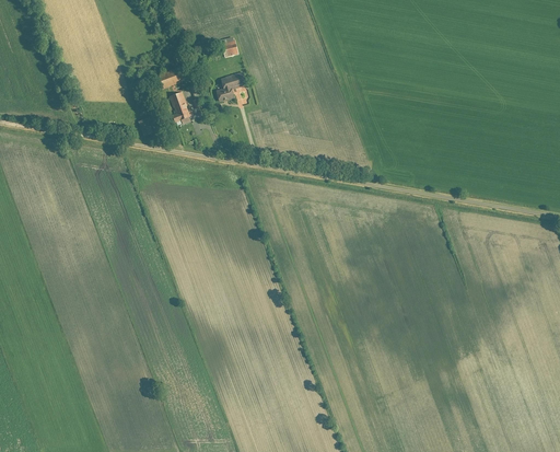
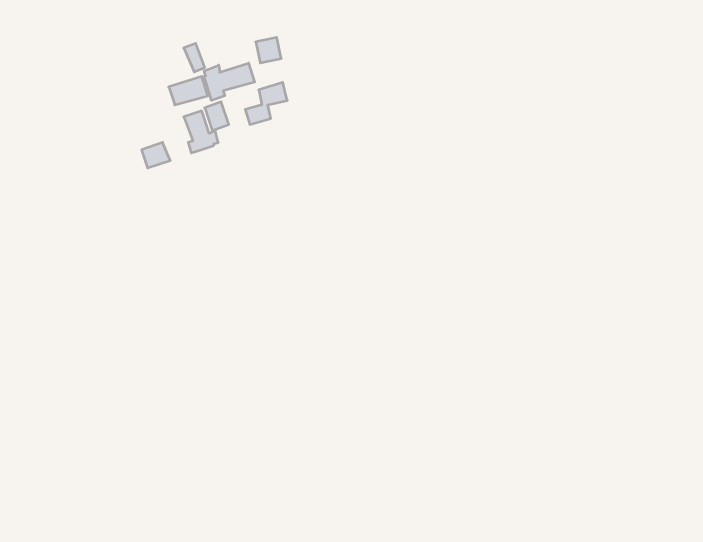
building: none -> [204,63,255,100]

